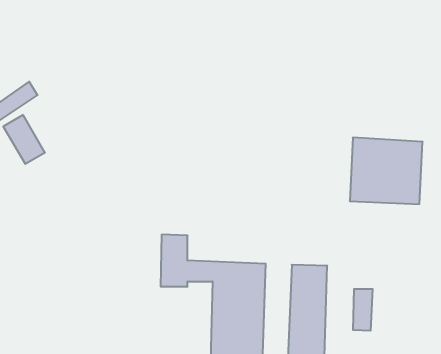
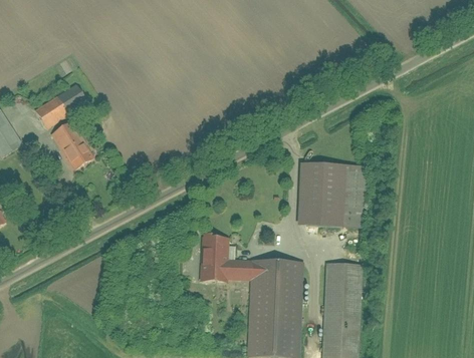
building: [350,138,423,204] -> [291,164,362,229]
building: [353,289,373,331] -> none

